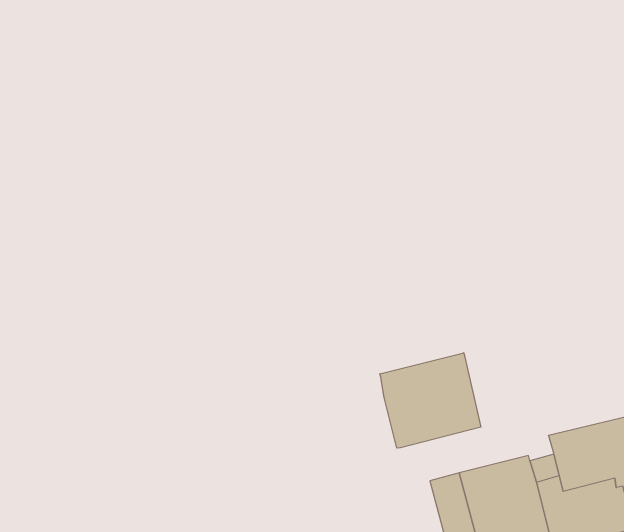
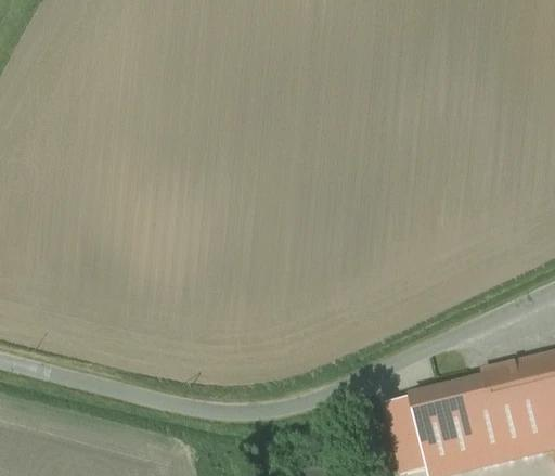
building: [380,353,481,448] -> none

